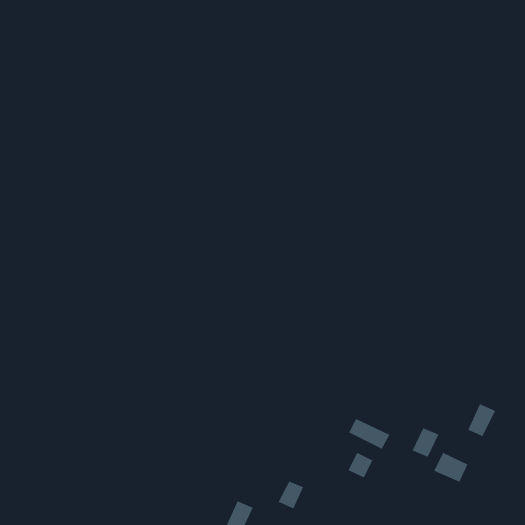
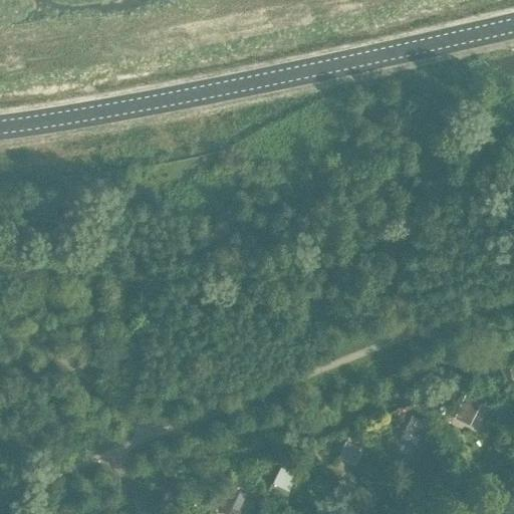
building: [348,418,390,450] -> none
building: [433,452,469,483] -> none

